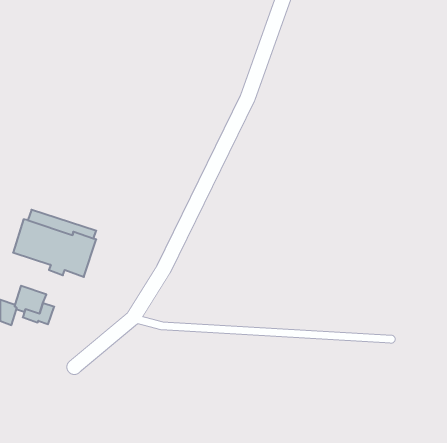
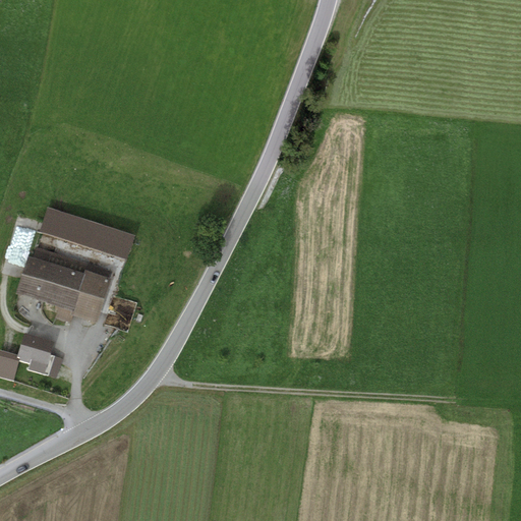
building: none -> [39,207,134,262]

